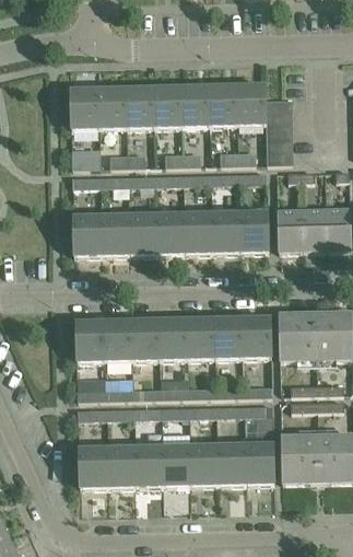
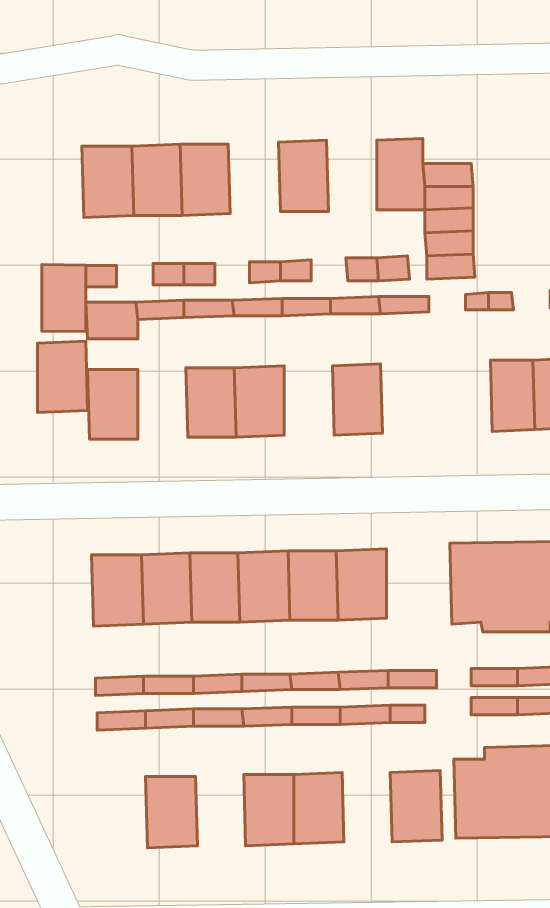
building: [209,85,237,126] -> none
building: [153,86,183,127] -> none
building: none -> [42,265,86,332]
building: [278,210,303,251] -> none
building: [239,212,268,252] -> none
building: [185,213,213,253] -> none
building: [102,214,130,255] -> [38,341,88,412]
building: [243,316,271,357] -> none
building: [217,444,246,484] -> none
building: [134,445,163,486] -> none
building: [79,446,107,487] -> none

